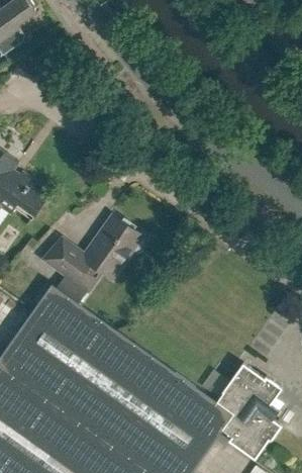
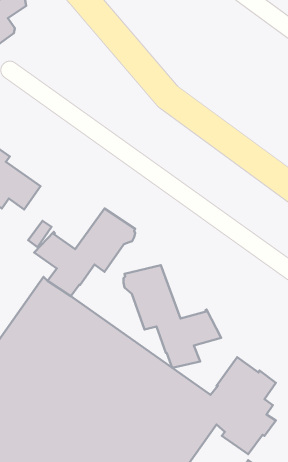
building: none -> [123,265,221,368]

